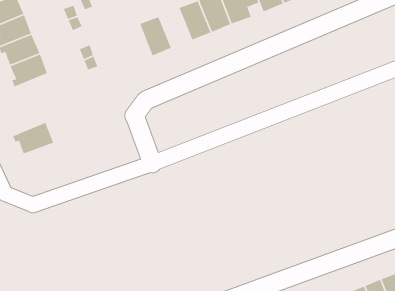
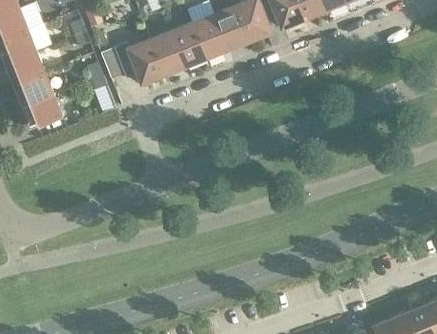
building: none -> [171,22,206,65]
building: none -> [114,39,164,82]
building: [12,122,54,155] -> [17,92,62,127]

